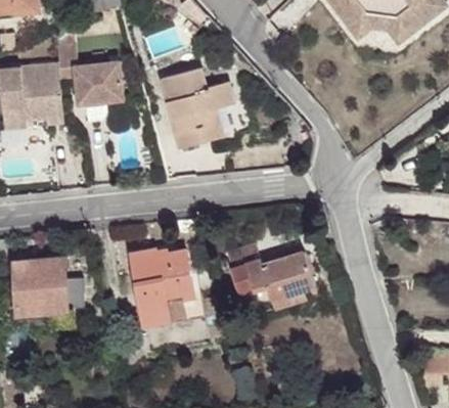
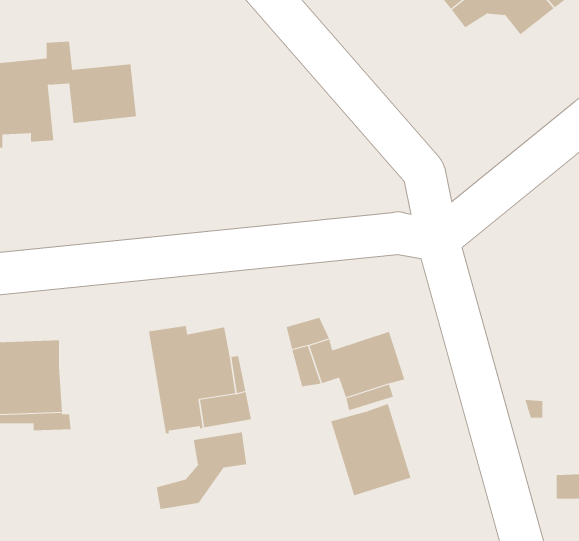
building: [161,71,253,149] -> none
building: none -> [330,403,411,496]
building: none -> [156,431,247,510]

